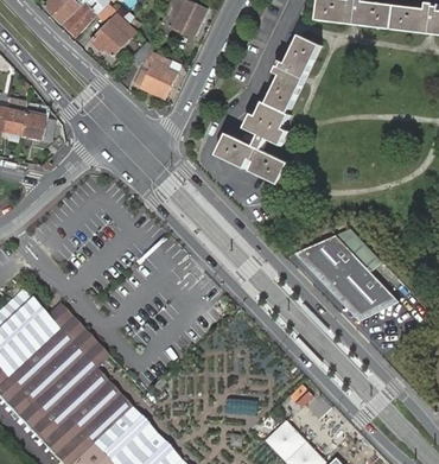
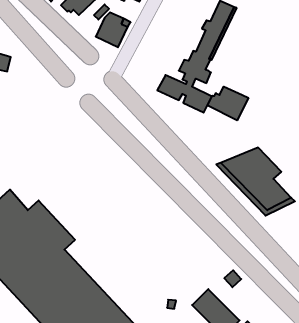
building: [17,110,51,136] -> none
building: none -> [207,87,248,120]

